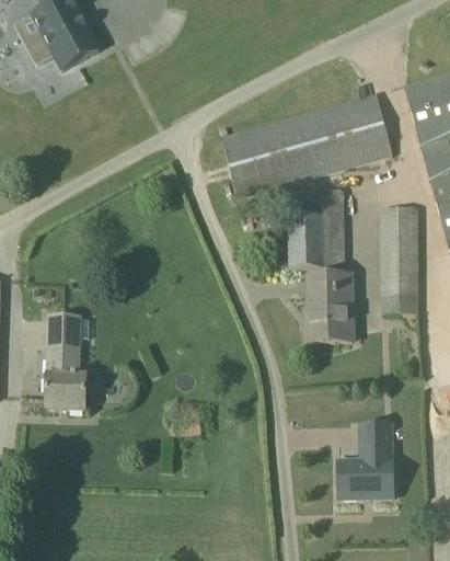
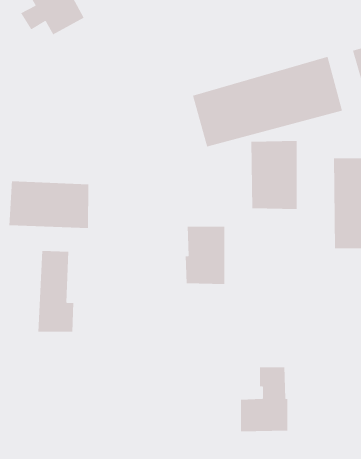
building: none -> [9,180,89,229]
building: [304,276,350,343] -> [185,226,225,285]
building: [338,424,393,499] -> [240,367,288,432]

